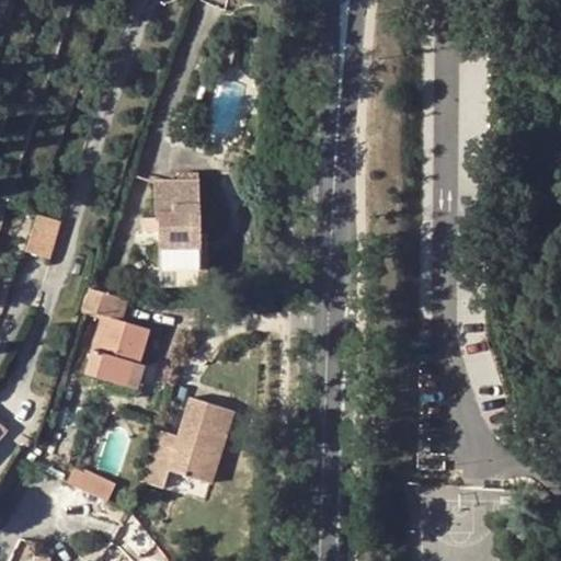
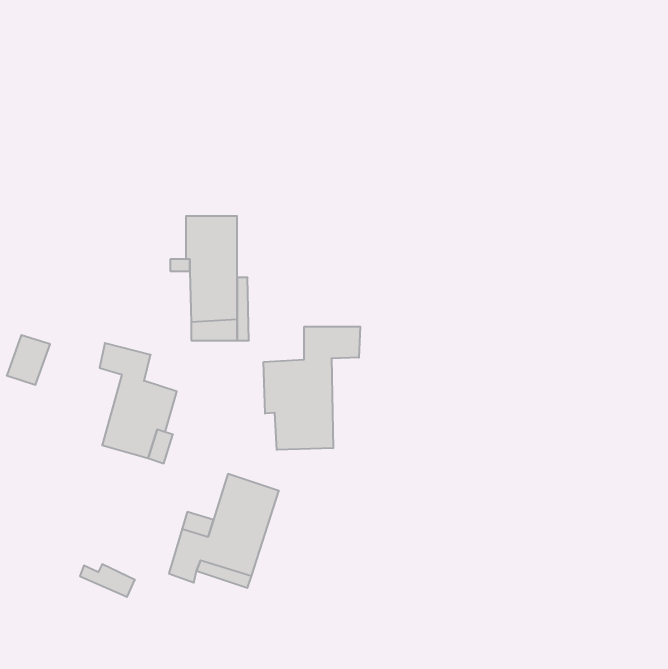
building: [24,214,60,255] -> [7,335,50,385]
building: none -> [264,327,360,450]

